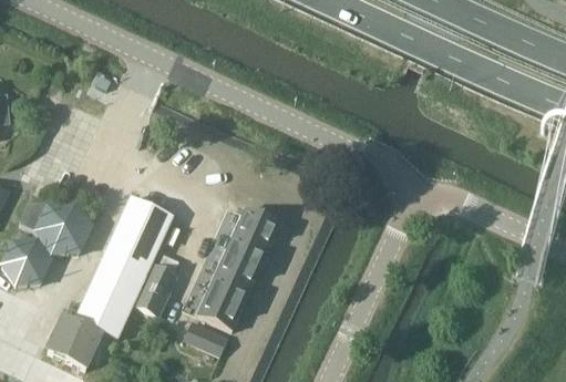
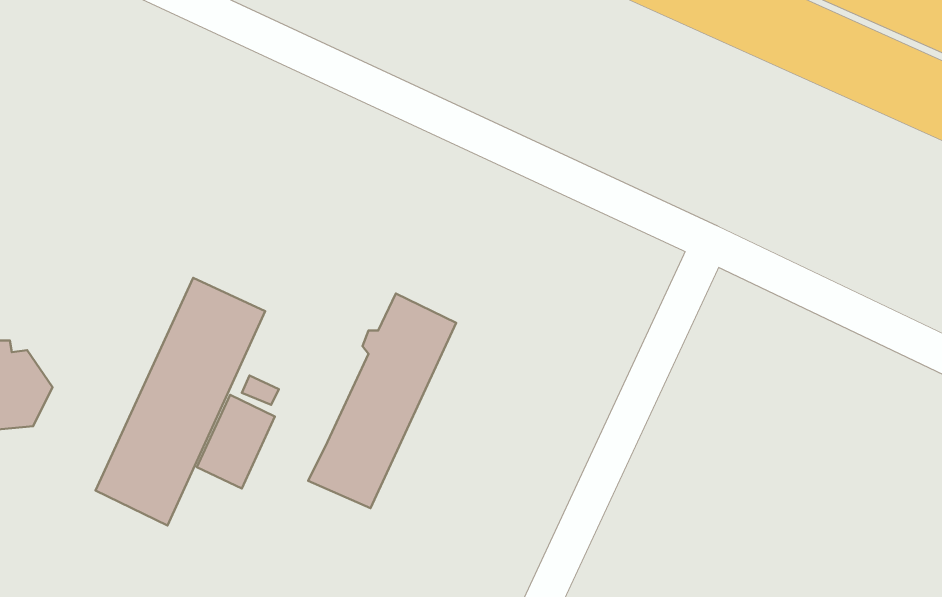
building: [34,205,90,256] -> none
building: [45,316,100,368] -> none
building: [184,320,226,352] -> none

